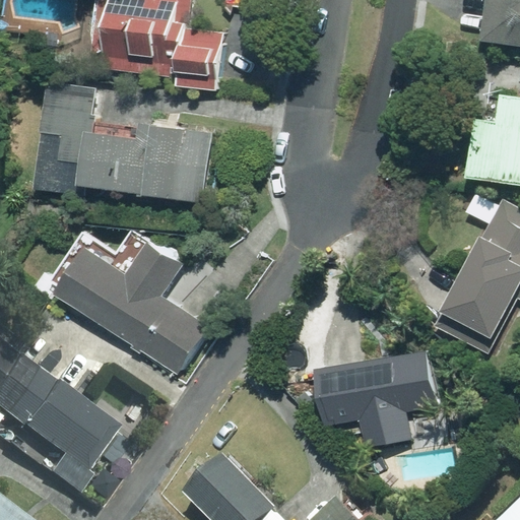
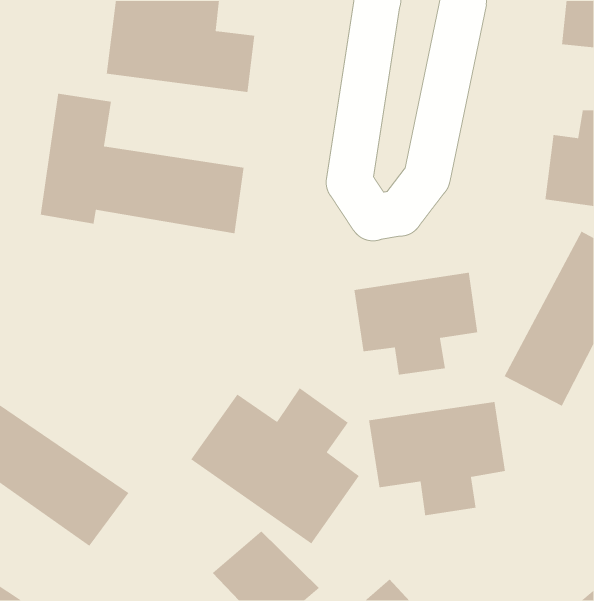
building: none -> [354,272,478,376]
building: [55,241,209,376] -> none
building: none -> [190,387,360,545]

